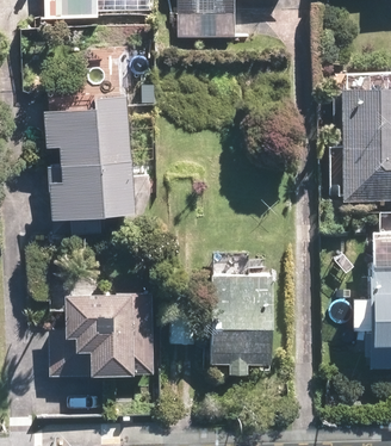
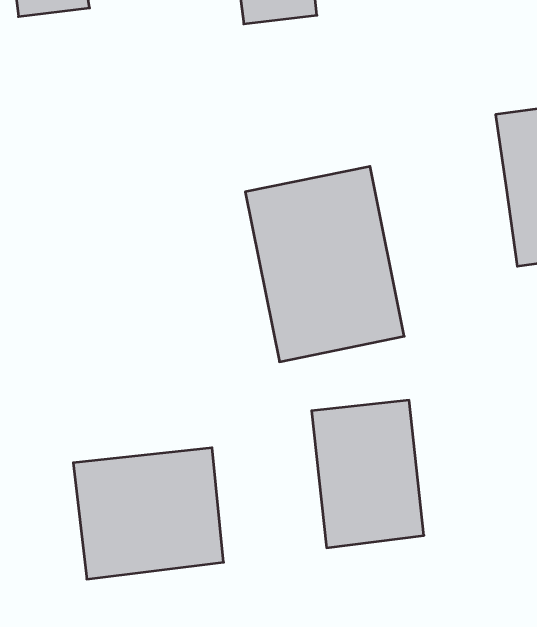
building: [42,109,136,228] -> [245,166,404,362]

